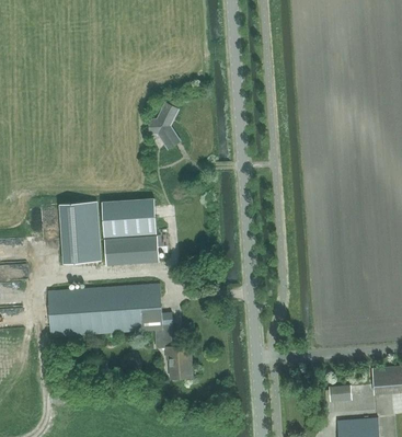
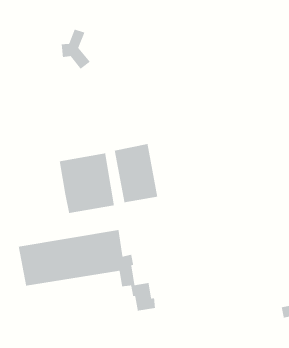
building: [149,103,180,149] -> [61,28,91,70]
building: [57,202,100,264] -> [114,143,158,203]

